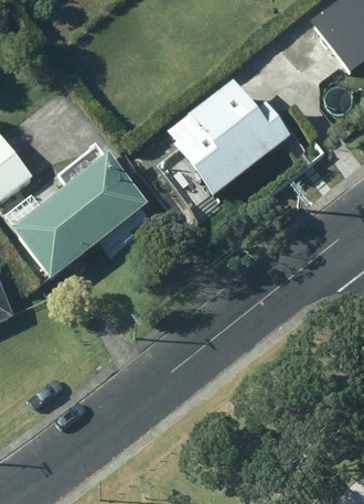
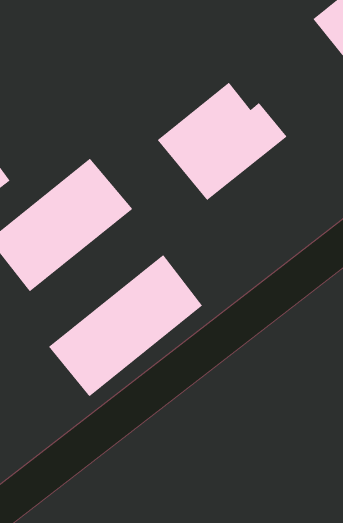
building: none -> [48,254,203,397]

